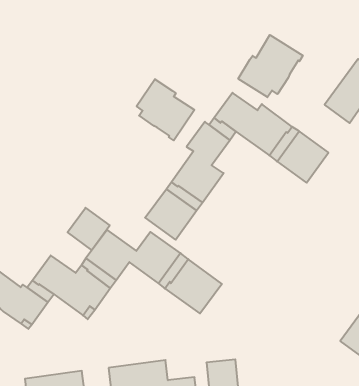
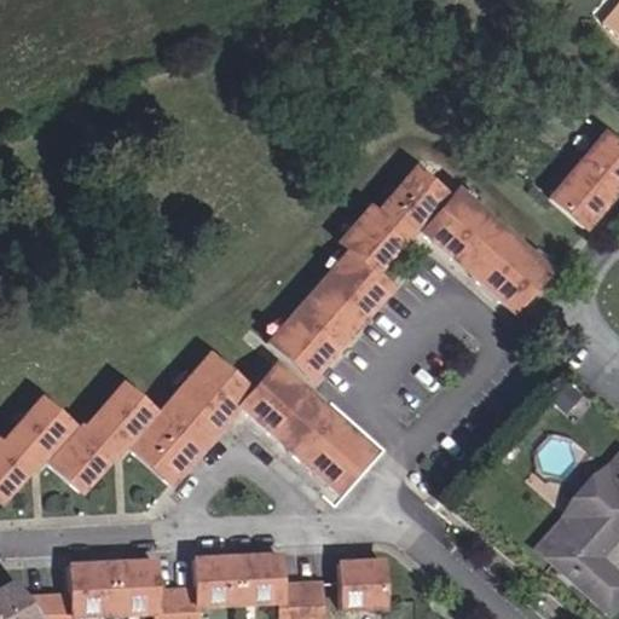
building: [238,35,303,97] -> none
building: [137,79,194,140] -> none
building: [68,208,110,250] -> none

